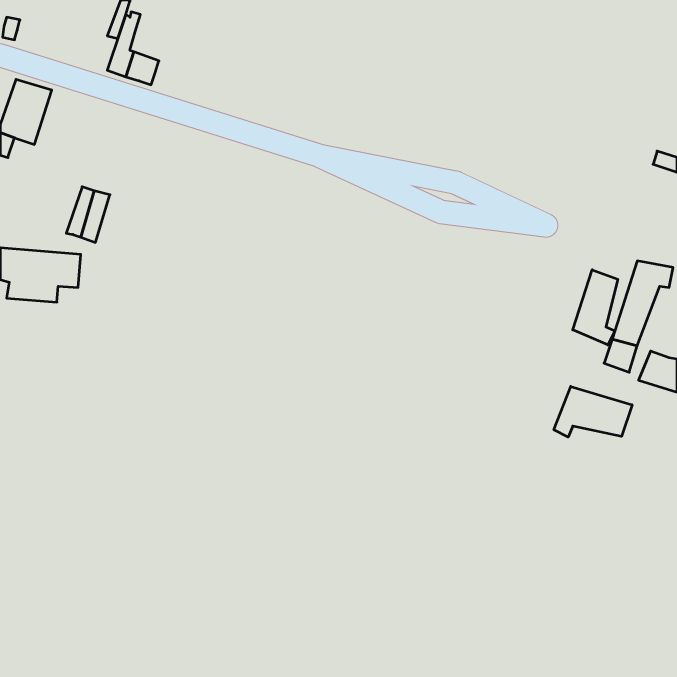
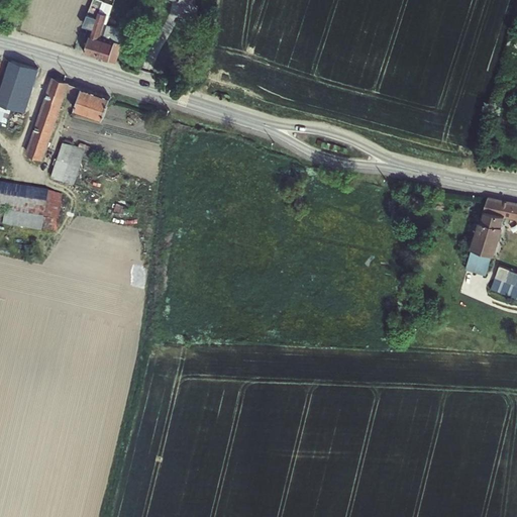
building: none -> [26,79,69,160]
building: none -> [75,89,110,120]
building: [573,270,618,345] -> none
building: [554,386,632,437] -> none

